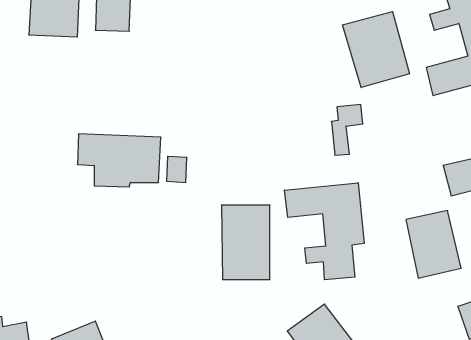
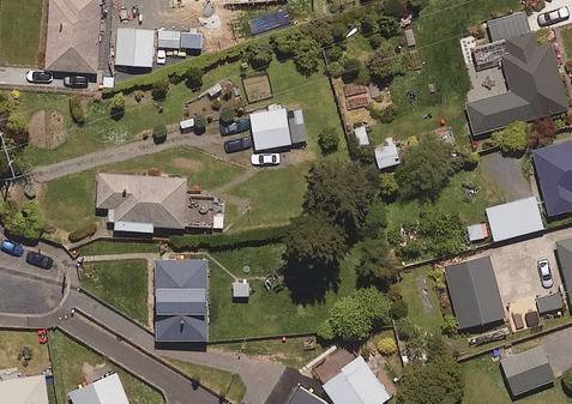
building: [343,12,409,88] -> none
building: none -> [249,109,290,150]
building: [284,183,364,280] -> none
building: [221,205,270,280] -> [155,261,206,340]

